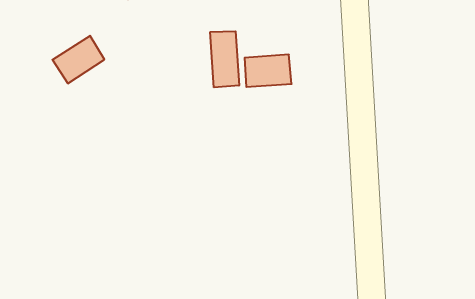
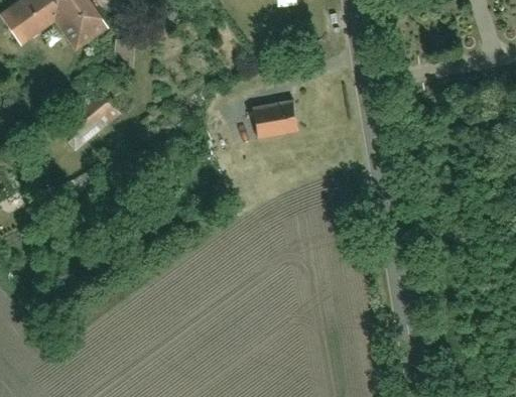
building: [210,31,239,87] -> none

